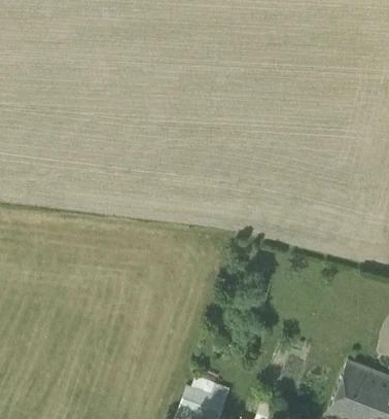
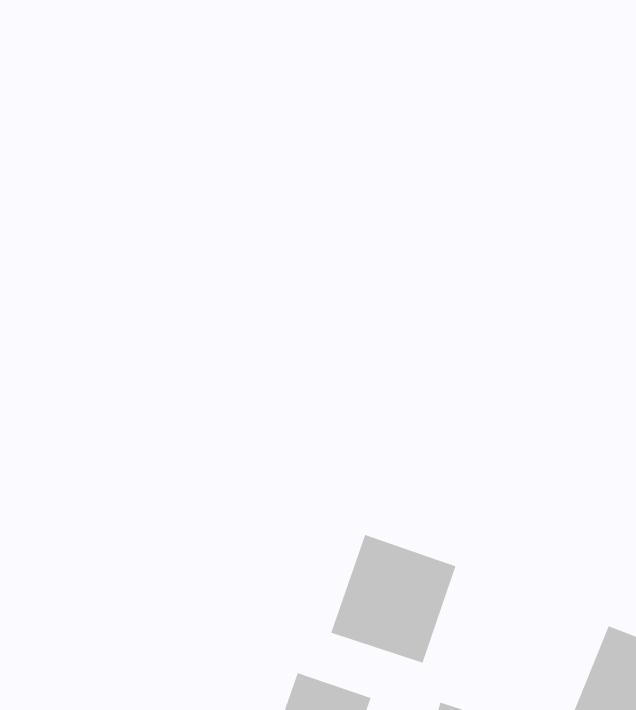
building: none -> [331,534,456,663]

